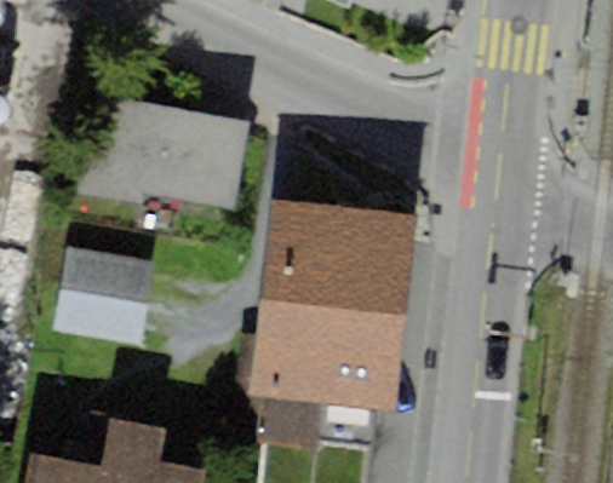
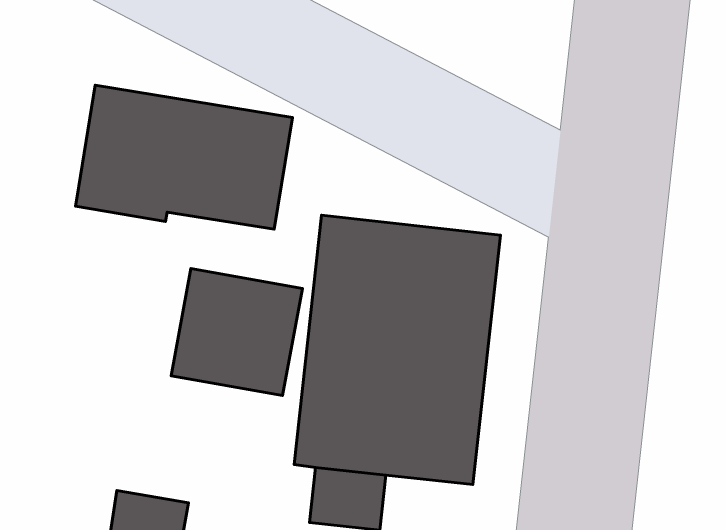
building: [51,245,155,345] -> [171,269,303,396]

